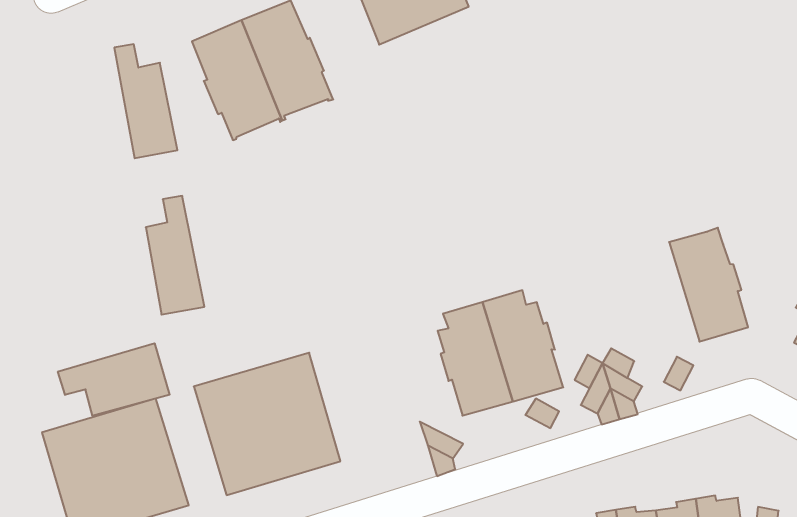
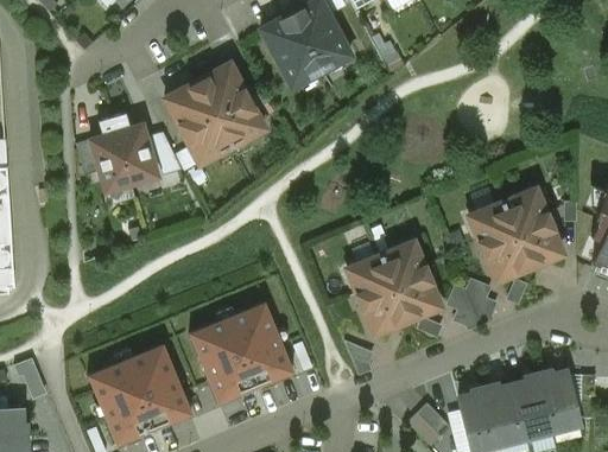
building: [146,196,204,315] -> [88,108,133,190]
building: none -> [469,202,528,281]
building: [58,343,170,416] -> none

